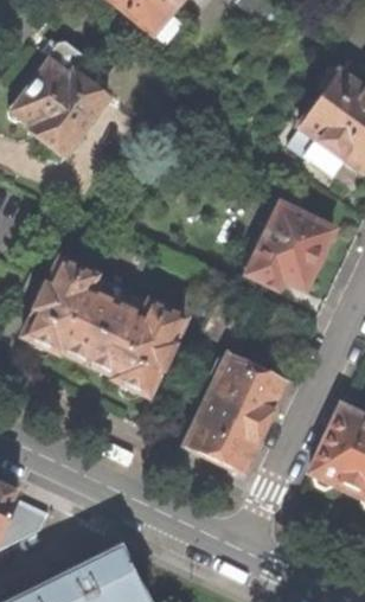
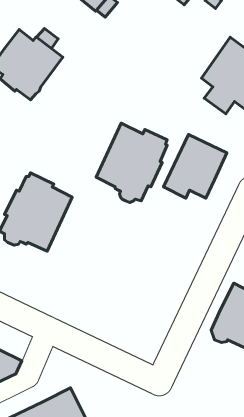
building: [87,288,184,396] -> [96,123,167,202]
building: [185,354,286,473] -> none

